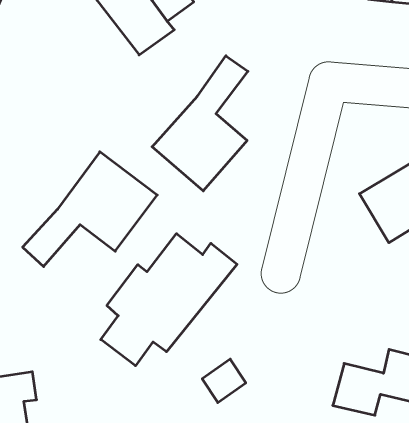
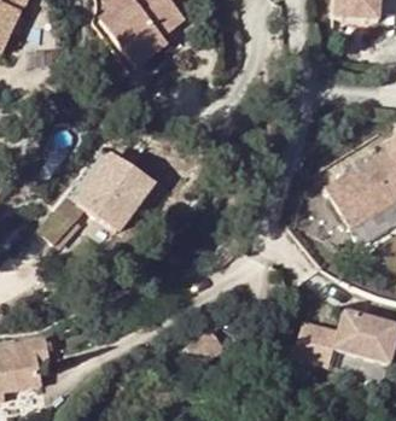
building: [152,56,248,191] -> none
building: [101,234,237,366] -> none

